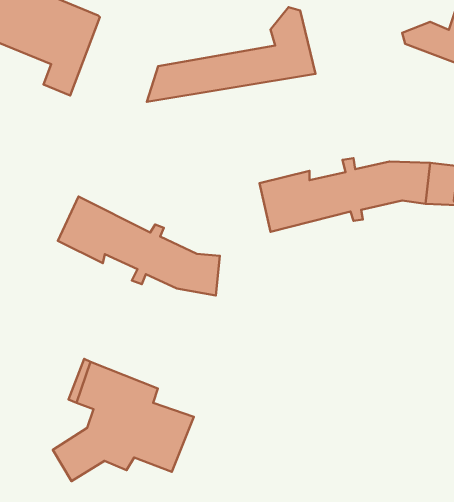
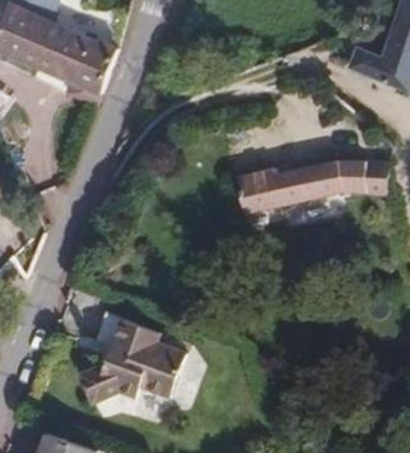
building: [147,7,315,102] -> none
building: [58,197,220,296] -> none

